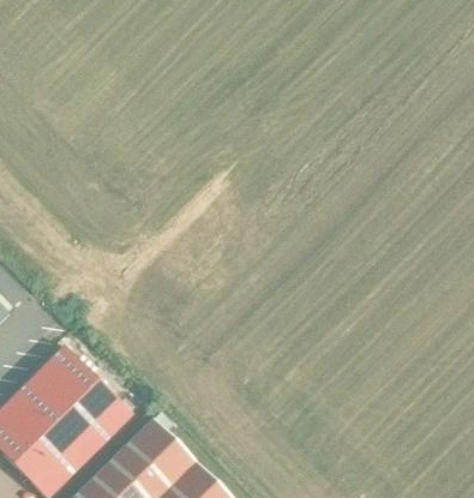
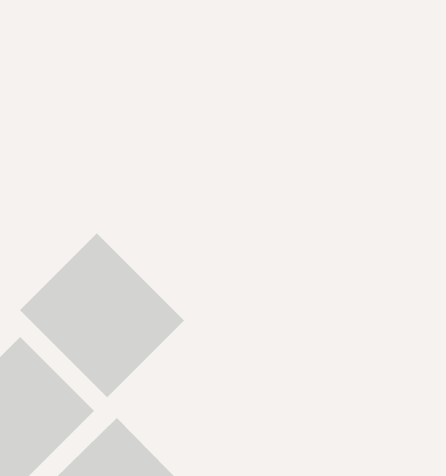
building: none -> [19,233,185,398]

